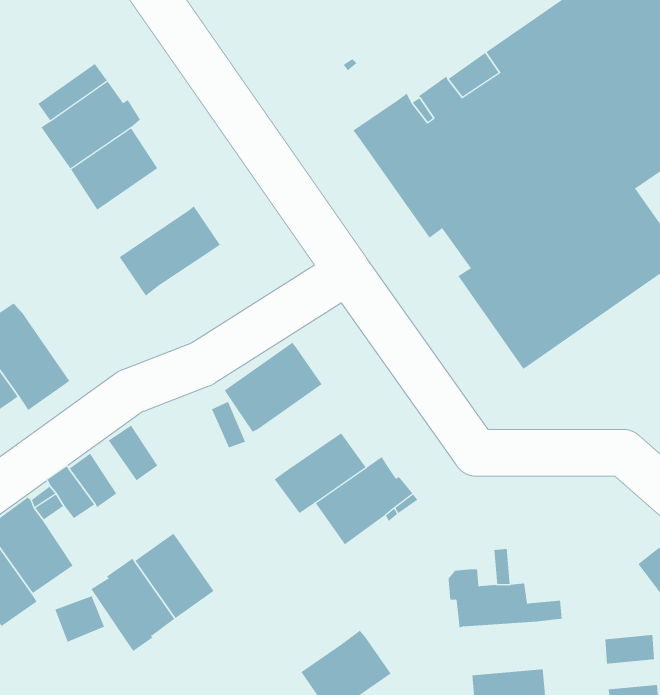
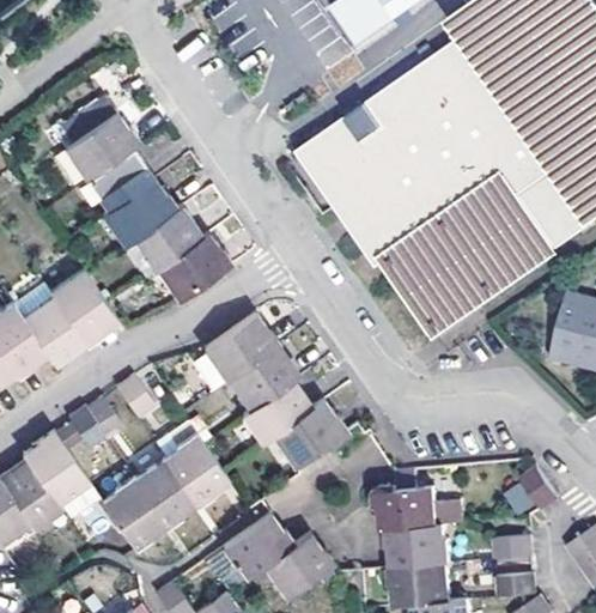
building: none -> [102,180,176,248]
building: none -> [154,235,229,301]
building: none -> [51,271,117,342]
building: none -> [230,345,299,411]
building: none -> [154,421,230,506]
building: none -> [220,514,293,577]
building: none -> [387,527,450,568]

